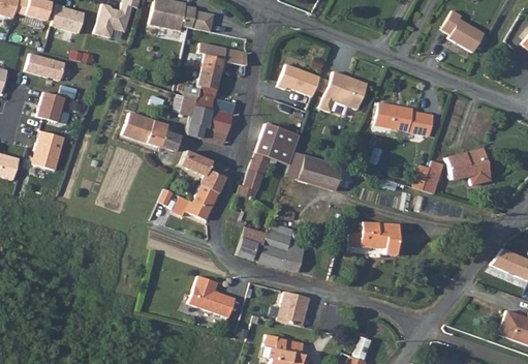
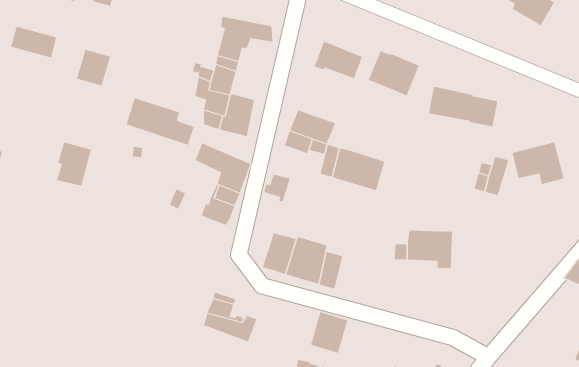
building: [37,91,66,122] -> [76,49,111,86]
building: [34,130,64,168] -> [56,142,92,186]
building: [247,153,271,181] -> none

